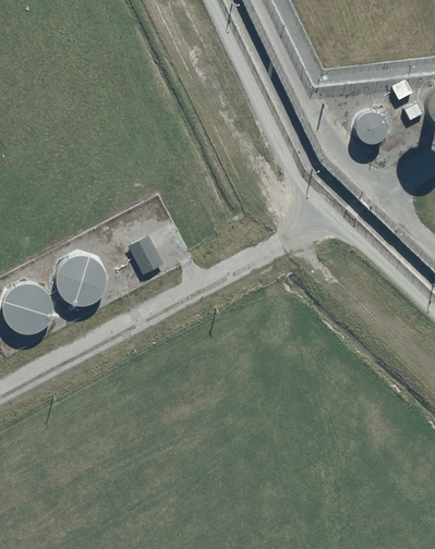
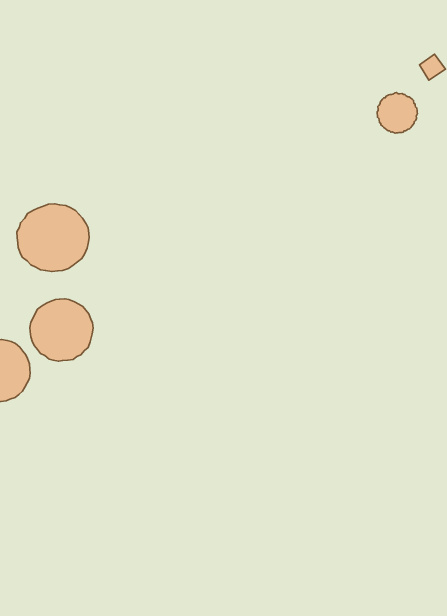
building: none -> [17,204,89,271]
building: [128,234,164,273] -> none

